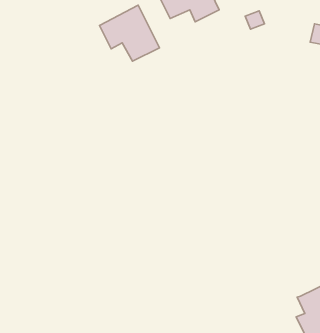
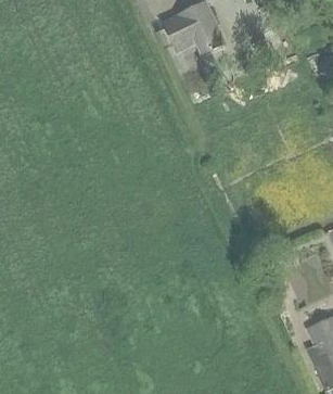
building: [100,5,159,61] -> none

